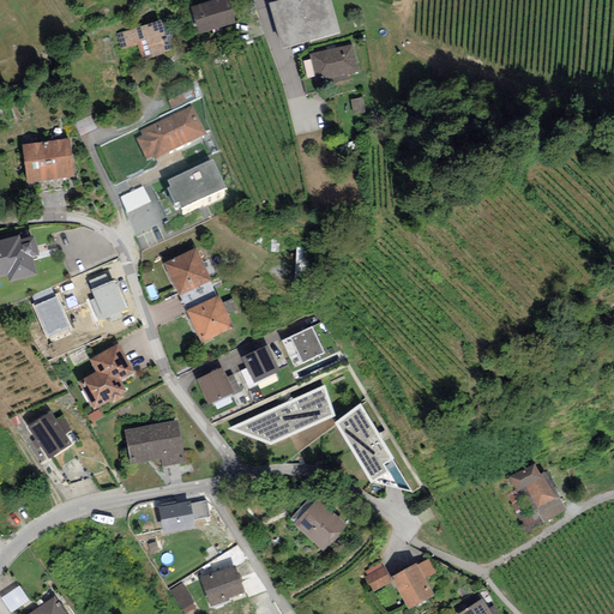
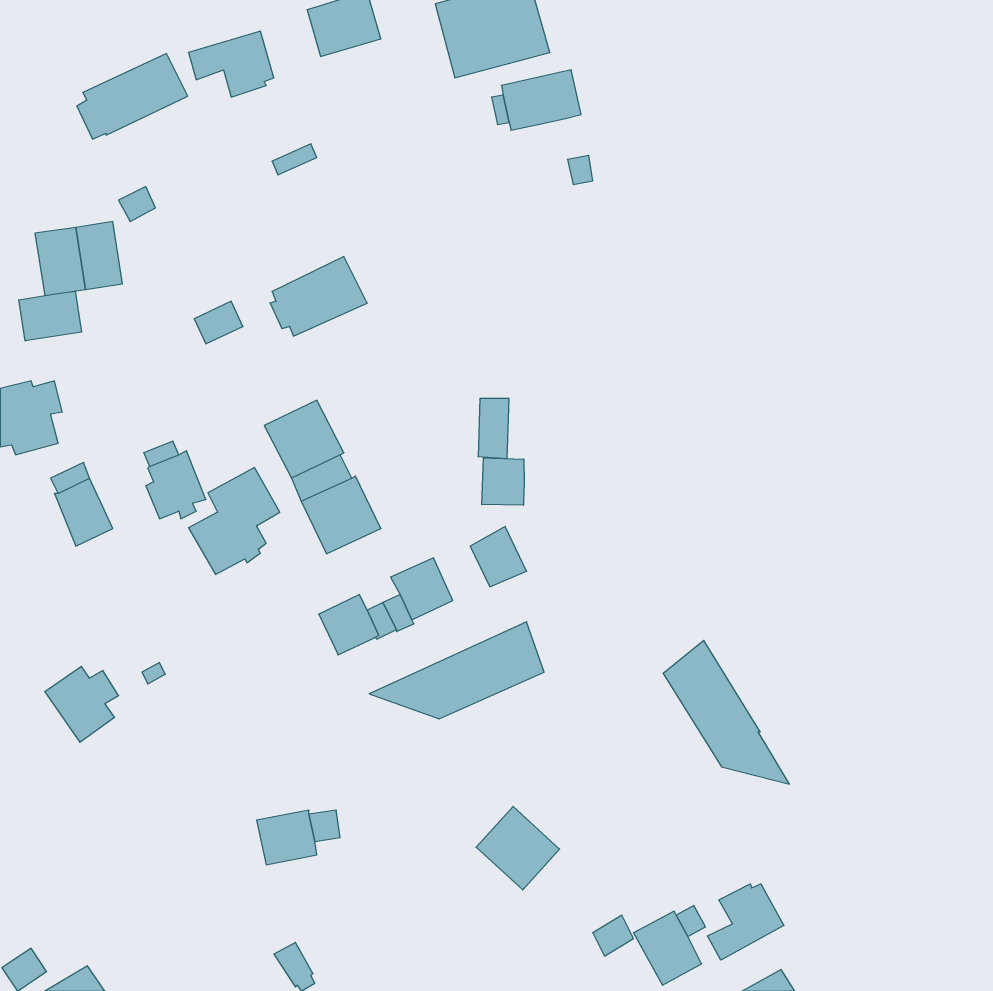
building: [137,106,205,158] -> [77,54,188,139]
building: none -> [19,291,82,341]
building: none -> [482,458,524,505]
building: [77,343,133,409] -> [188,468,280,574]
building: [335,402,413,490] -> [663,640,789,784]
building: [125,420,185,466] -> none
building: [514,464,570,525] -> none
building: none -> [707,884,784,960]
building: [199,565,245,607] -> none

